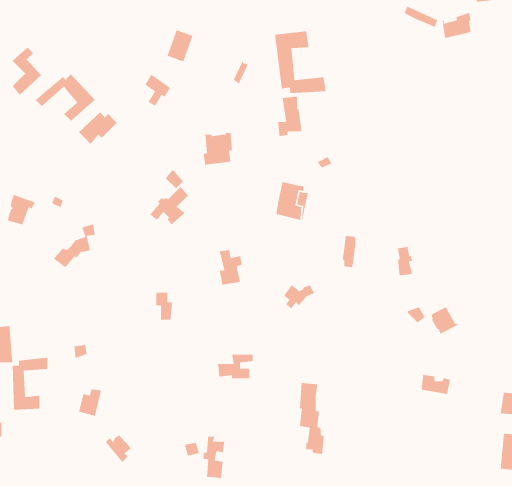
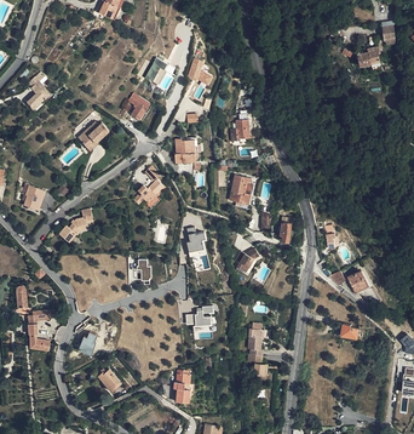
building: [274,31,327,94] -> none
building: [35,73,95,122] -> none

